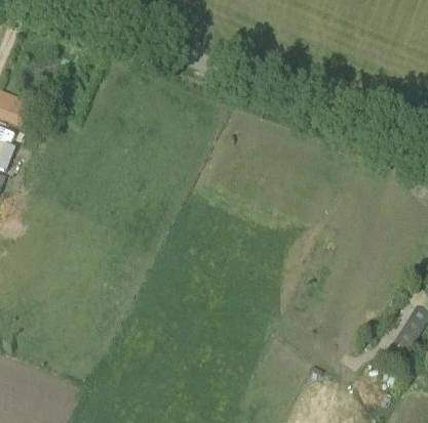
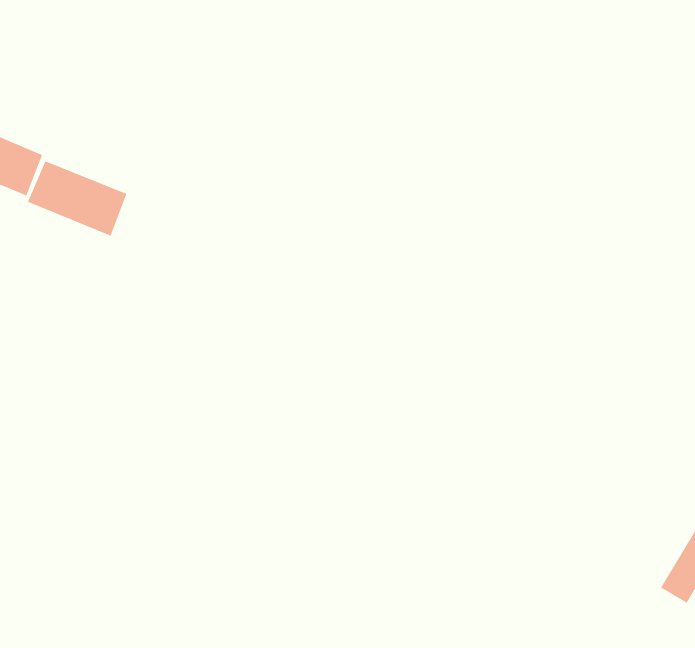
building: none -> [27,161,127,236]

